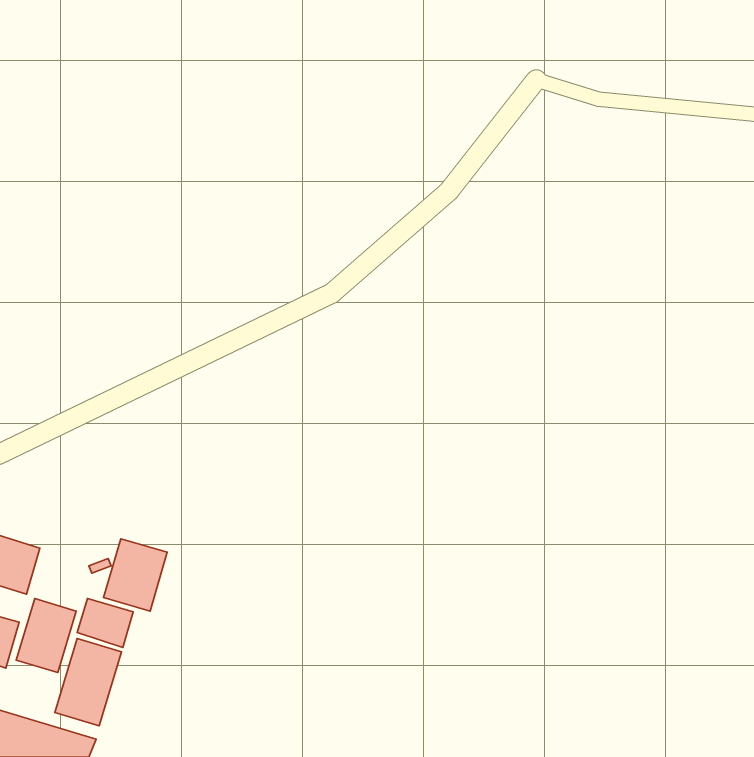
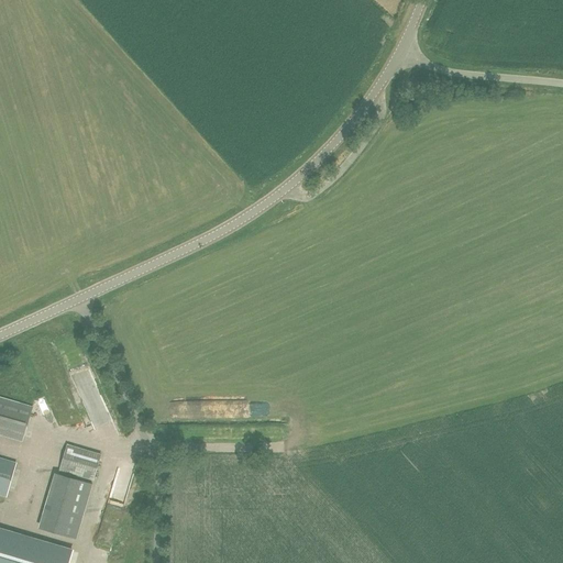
building: [104,539,167,611] -> none
building: [16,599,76,673] -> none

